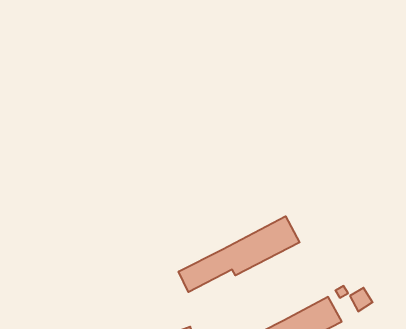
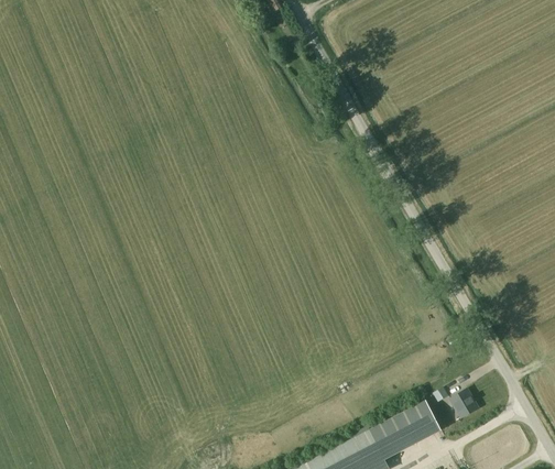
building: [179,216,300,292] -> none

